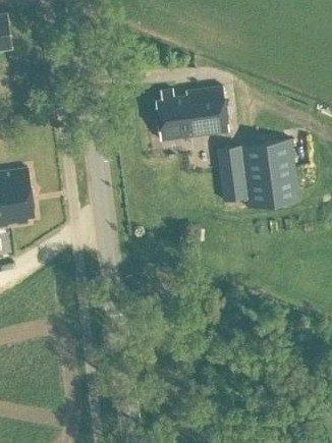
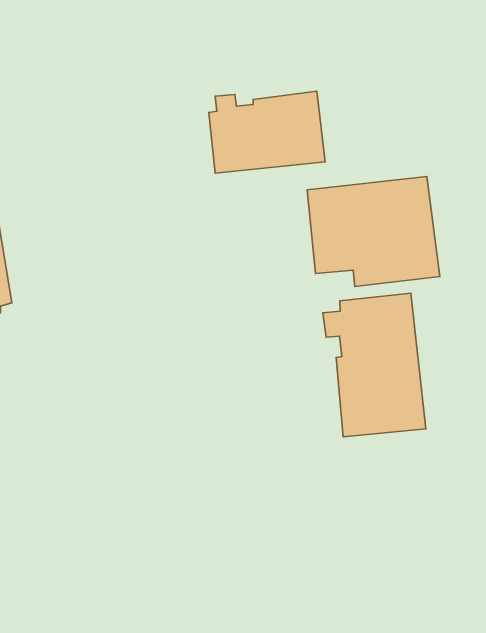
building: none -> [323,293,426,437]

